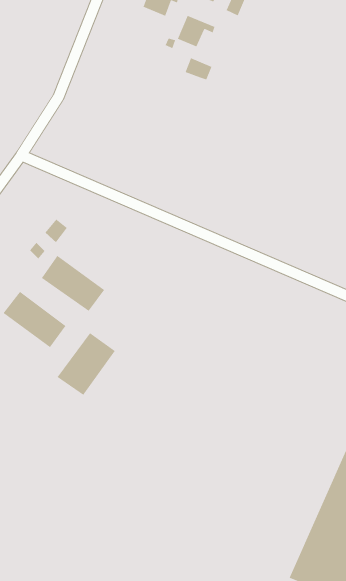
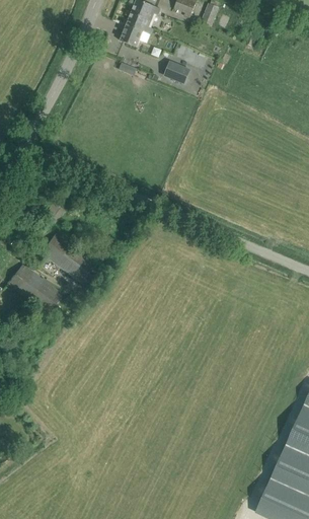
building: [177,15,215,47] -> [120,18,153,47]
building: [57,332,116,396] -> none

